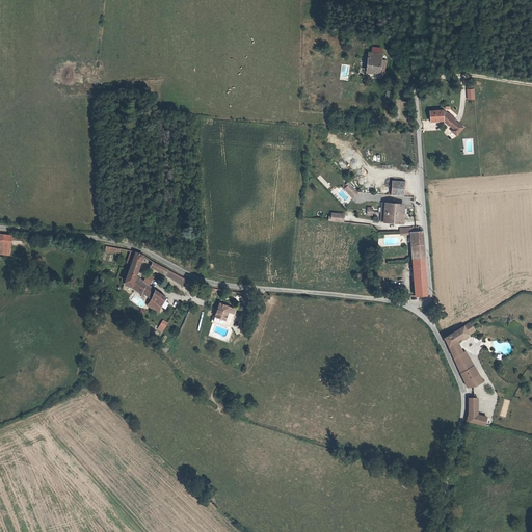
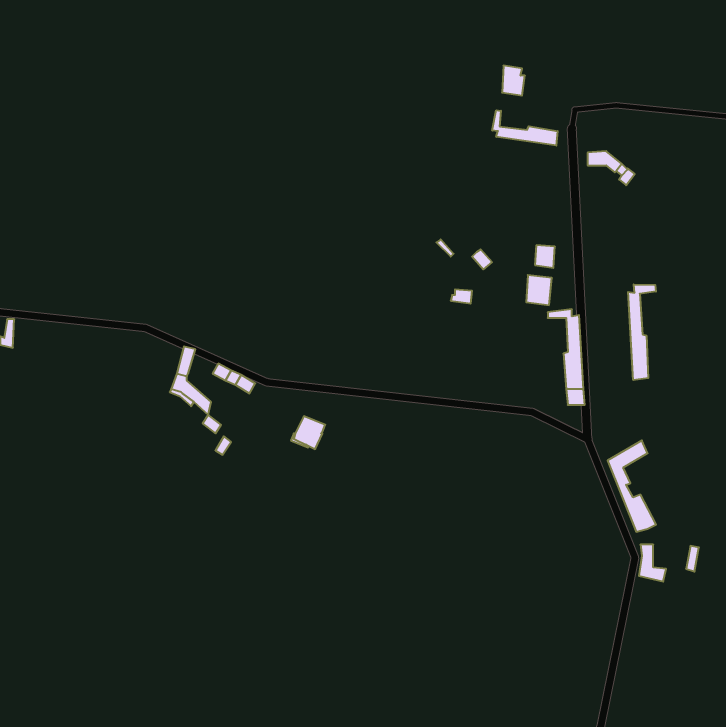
building: none -> [492,110,558,146]
building: none -> [628,284,656,380]

